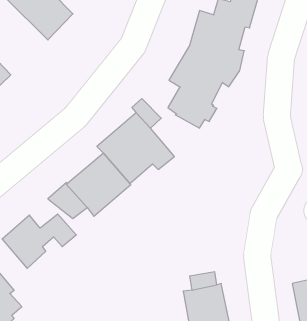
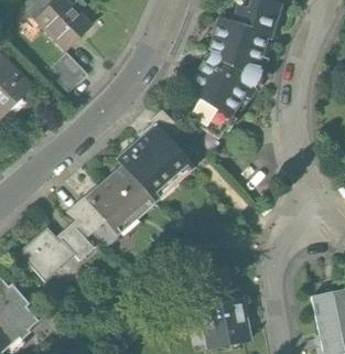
building: none -> [50,51,88,90]

